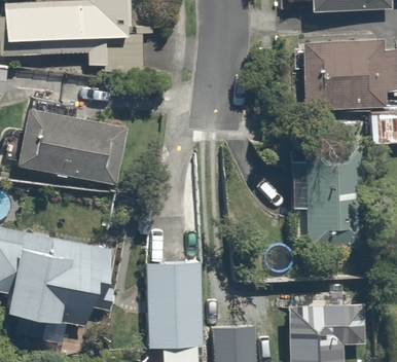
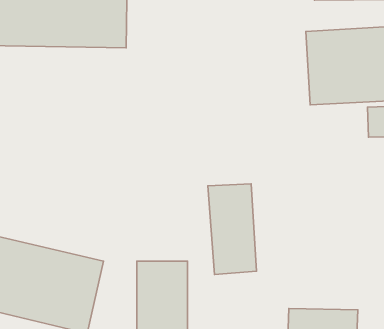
building: [22,108,129,184] -> none
building: [300,158,347,245] -> [208,184,256,274]

